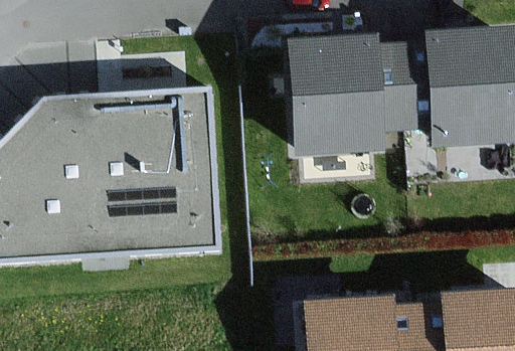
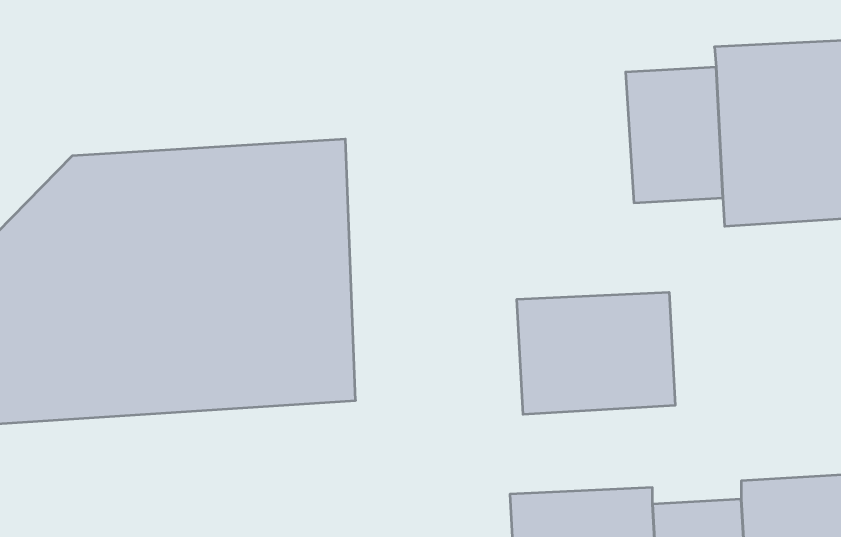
building: [293,38,381,152] -> none
building: none -> [517,292,675,414]

